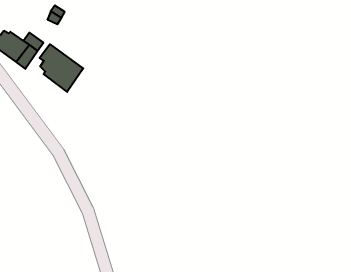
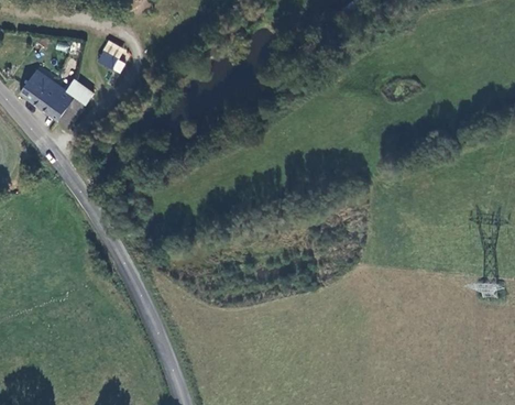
building: [40,44,83,92] -> none

